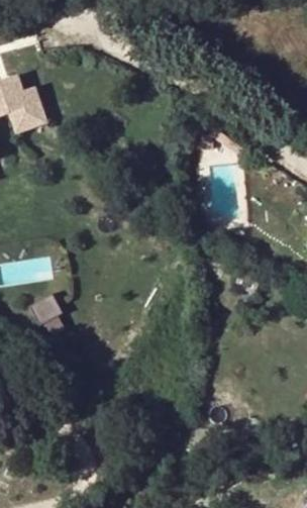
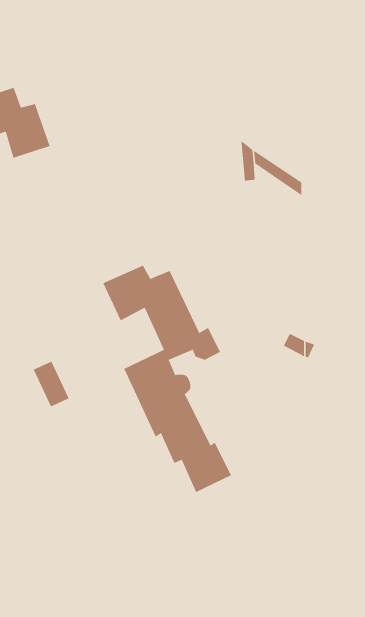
building: none -> [103,265,232,493]

